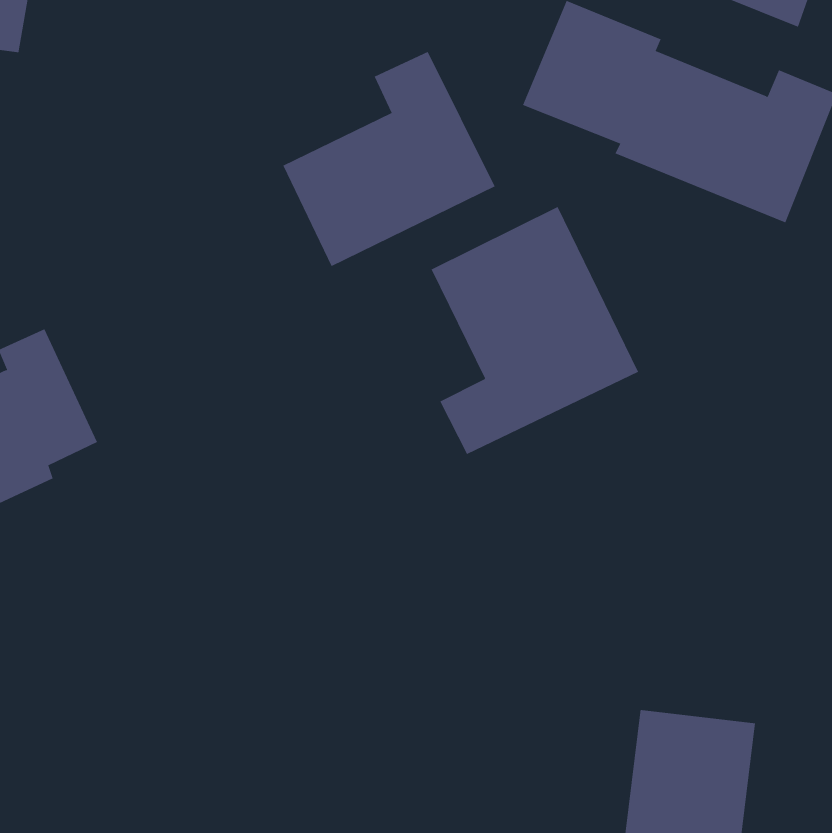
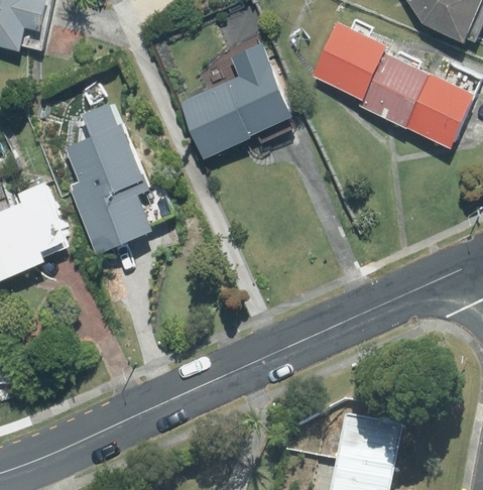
building: [431,206,639,455] -> none
building: none -> [65,124,152,254]

